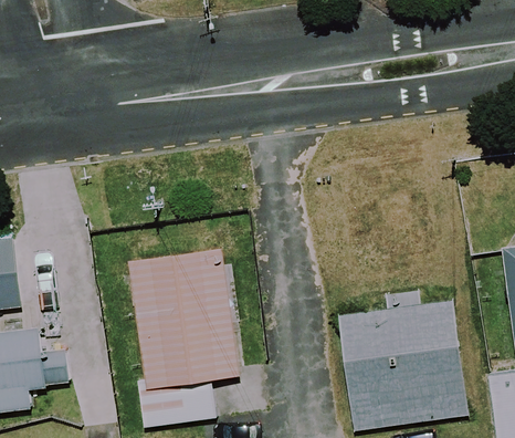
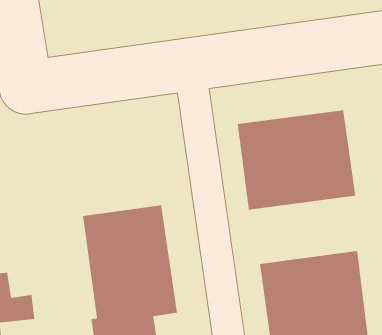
building: none -> [237,109,356,211]

